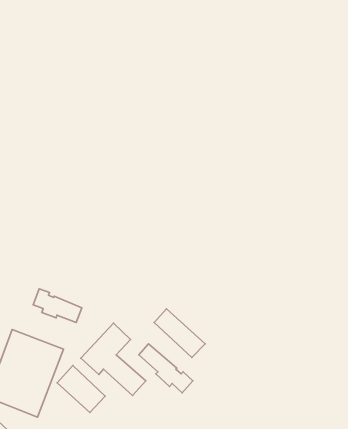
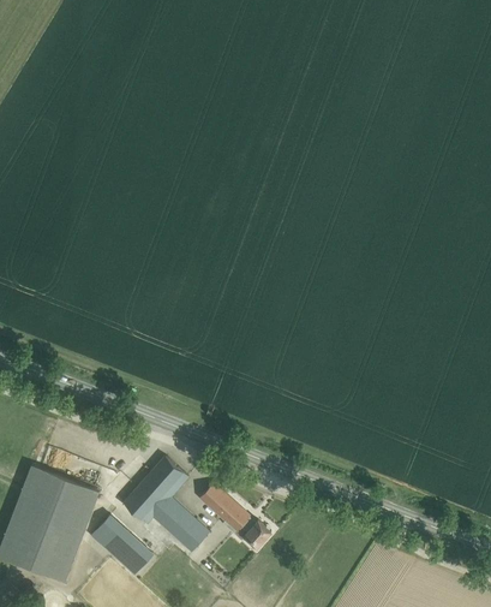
building: [33,289,82,323] -> none
building: [154,309,205,357] -> none

